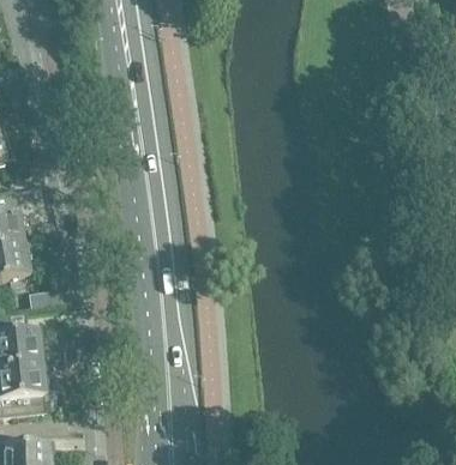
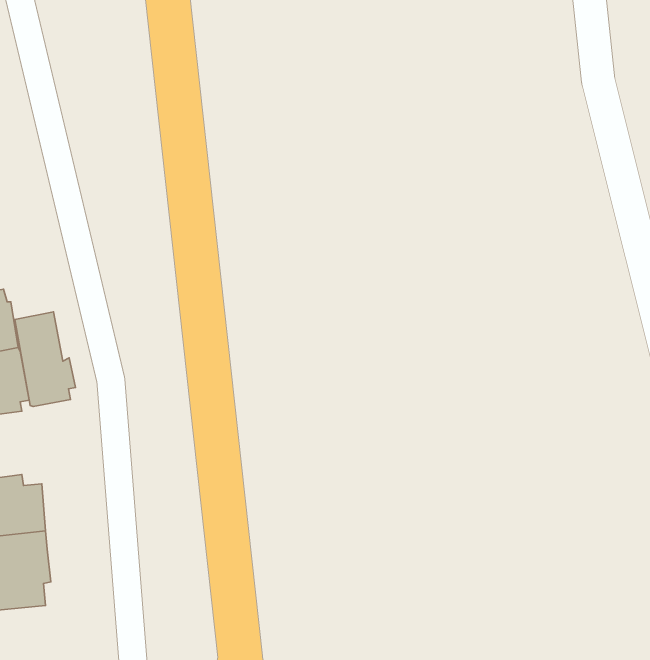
building: none -> [15,312,75,406]

